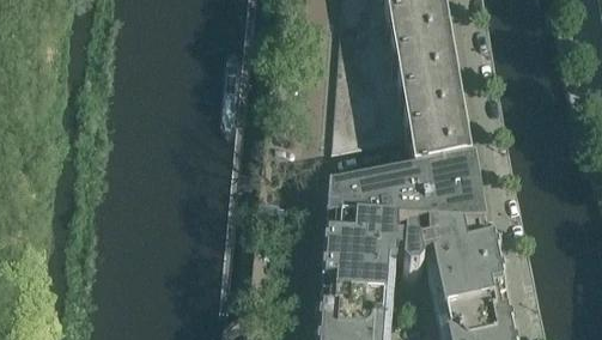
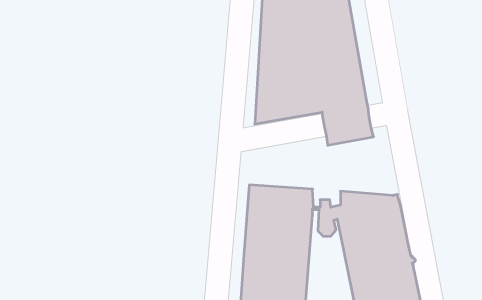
building: [327,156,487,223] -> none

